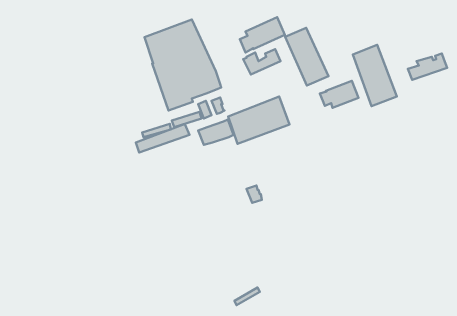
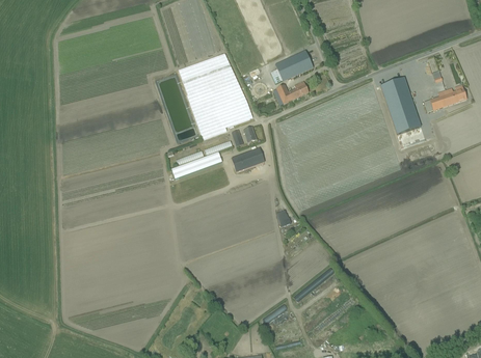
building: [285,28,329,86] -> none
building: [320,81,358,108] -> none
building: [228,96,289,144] -> none

